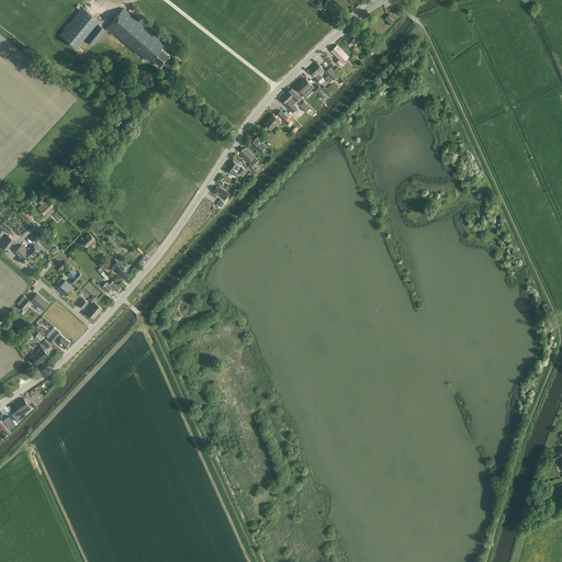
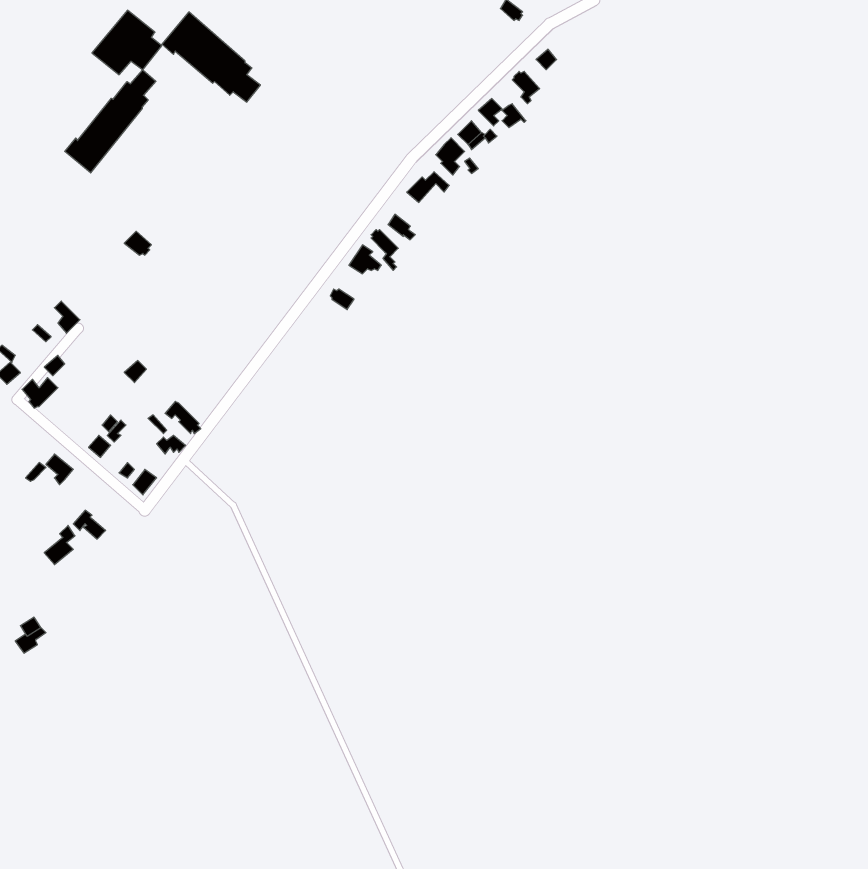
building: none -> [65,70,156,173]

